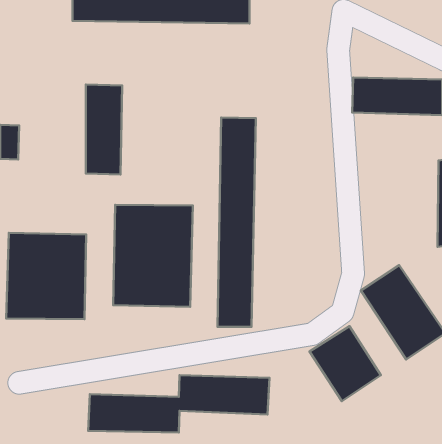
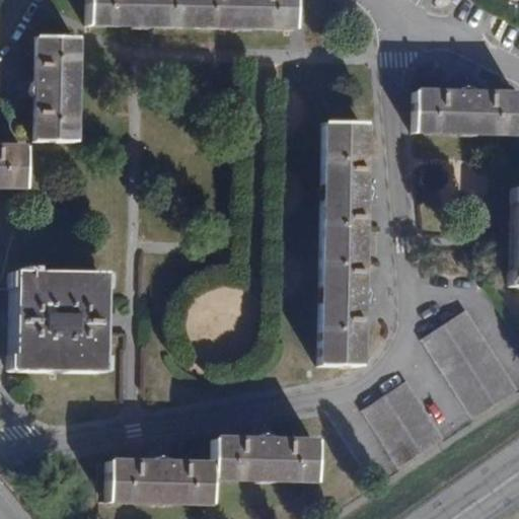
building: [86,85,122,174] -> [35,36,78,141]
building: [218,117,256,327] -> [320,122,365,365]
building: [113,205,193,307] -> none

